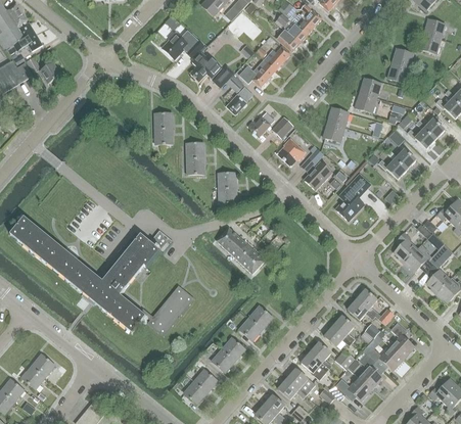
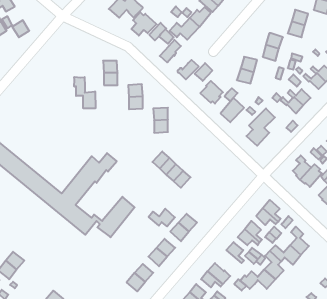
building: none -> [74,77,95,108]
building: none -> [149,209,175,226]
building: [301,351,329,380] -> none

